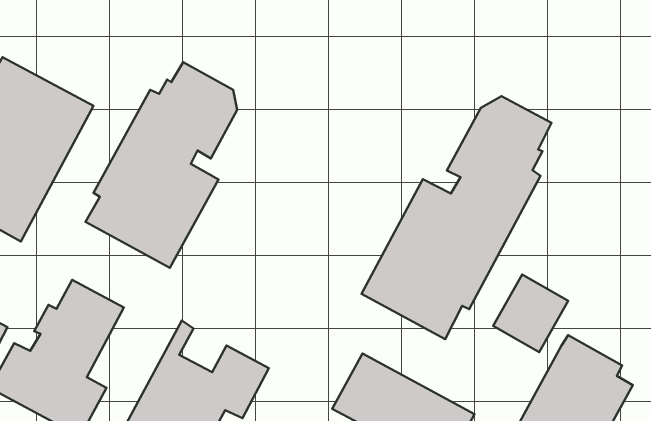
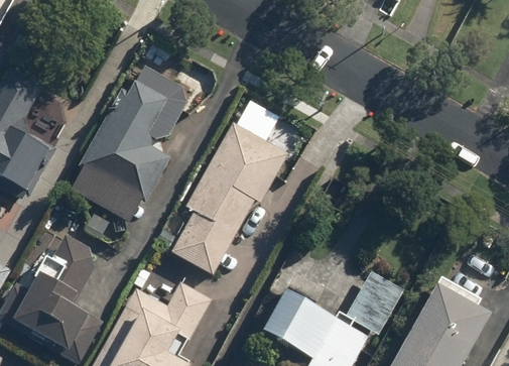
building: [361,96,552,339] -> none
building: none -> [172,99,288,275]
building: [493,275,568,352] -> [346,276,403,336]

